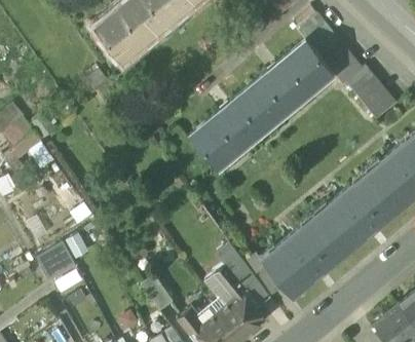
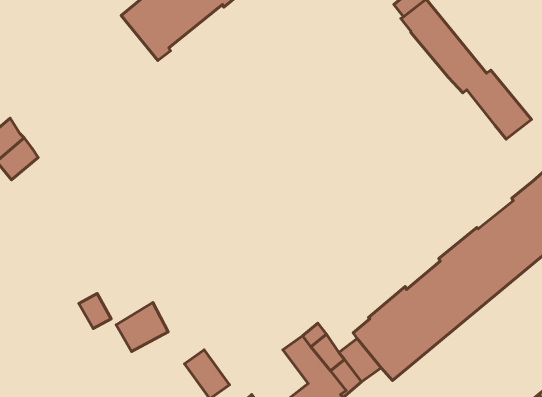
building: [191,42,334,169] -> none
building: [37,244,75,280] -> [116,302,168,352]

